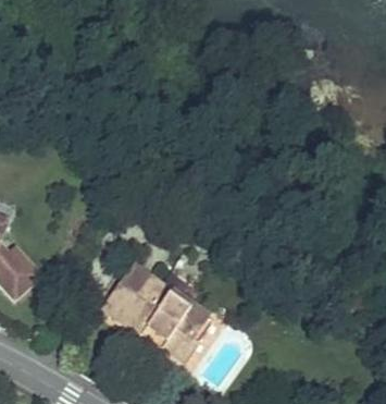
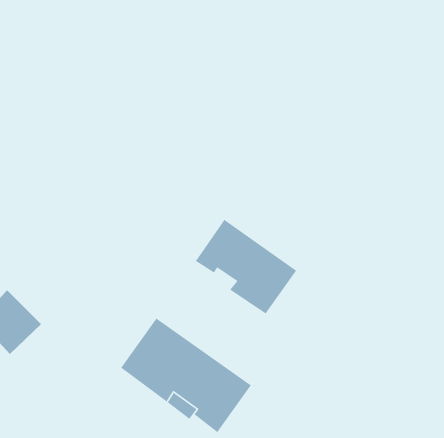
building: none -> [195,219,297,314]

